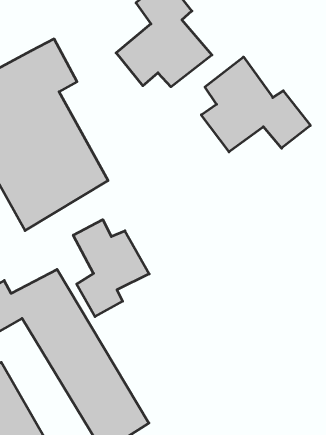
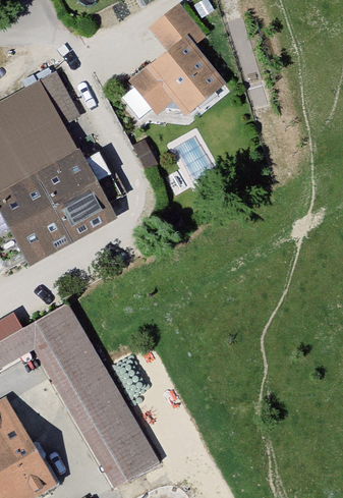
building: [201,57,310,152] -> none
building: [73,220,149,317] -> none

